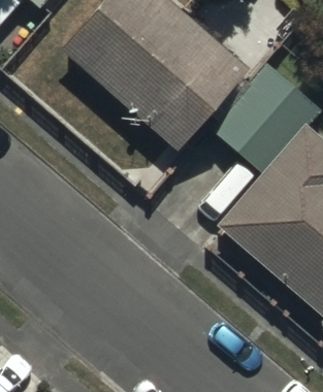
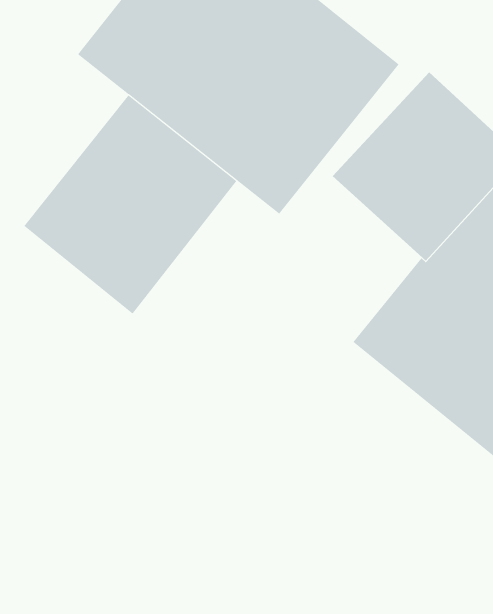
building: none -> [23,95,237,314]

